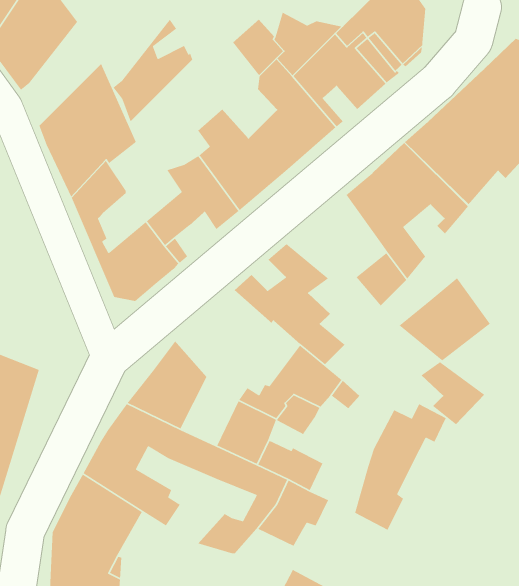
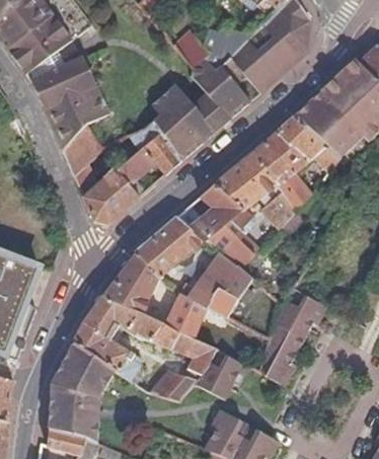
building: [113,18,193,123] -> [30,31,86,103]
building: [398,277,491,425] -> [214,151,278,253]
building: none -> [137,217,204,277]

